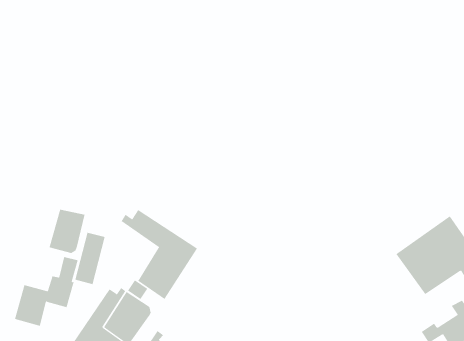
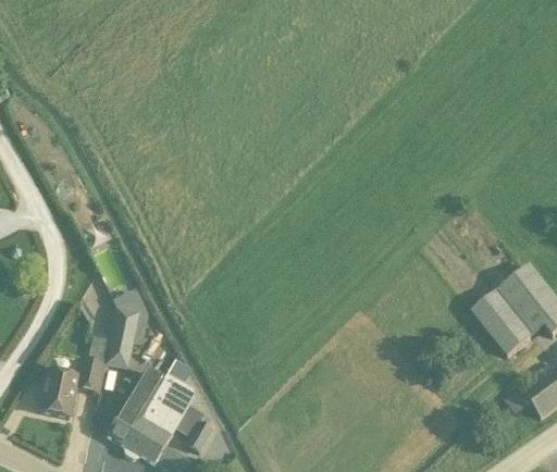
building: [49,209,85,254] -> none
building: [121,209,198,300] -> none

